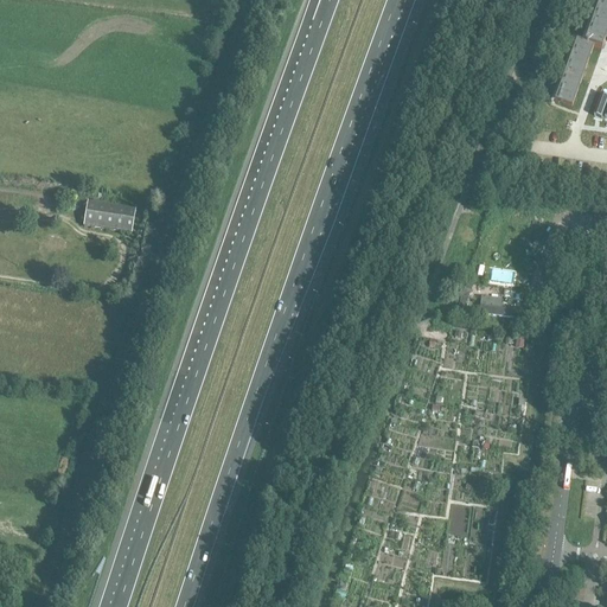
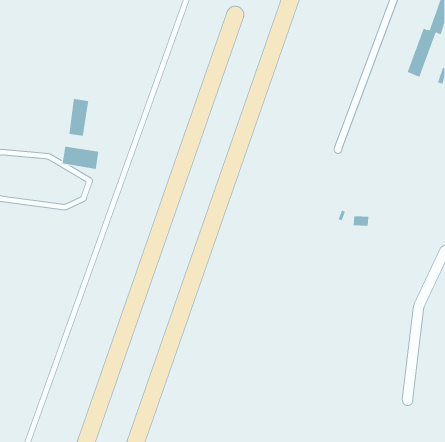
building: none -> [69,98,89,137]

